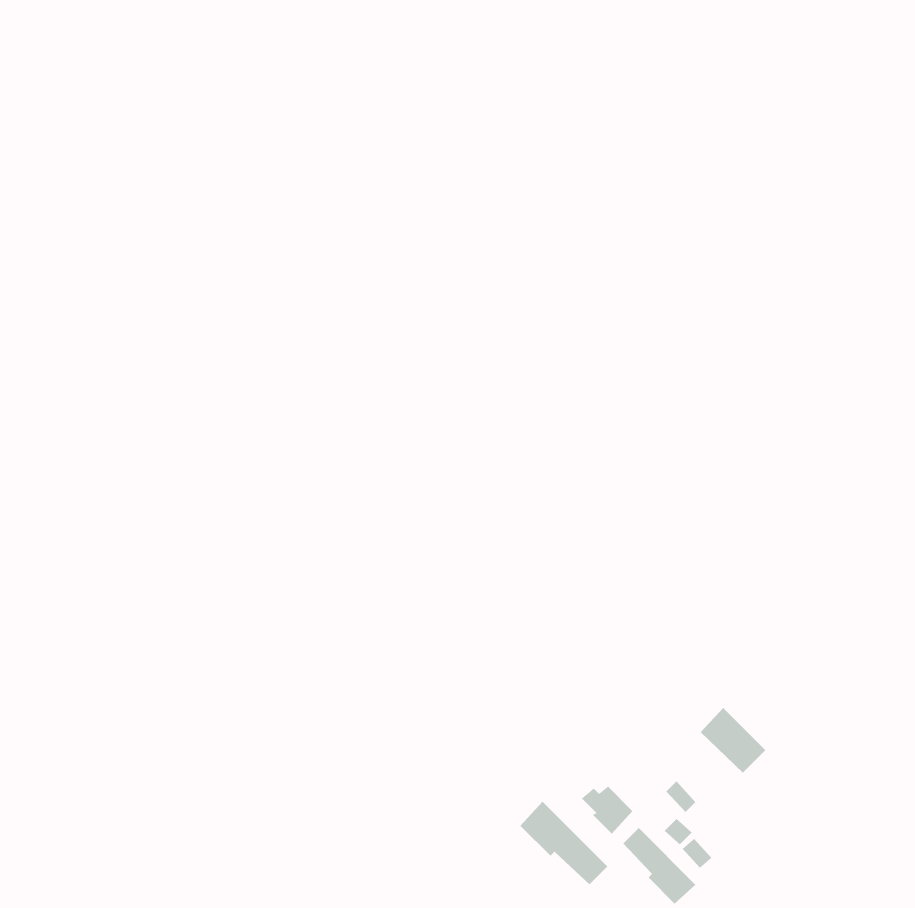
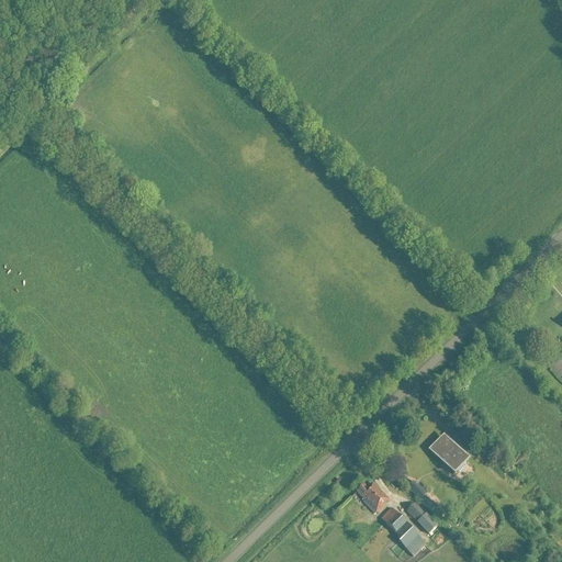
building: [520,801,608,885] -> none

